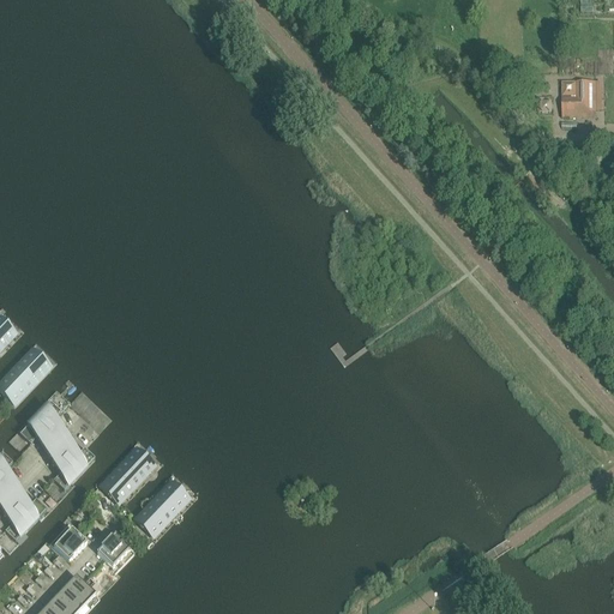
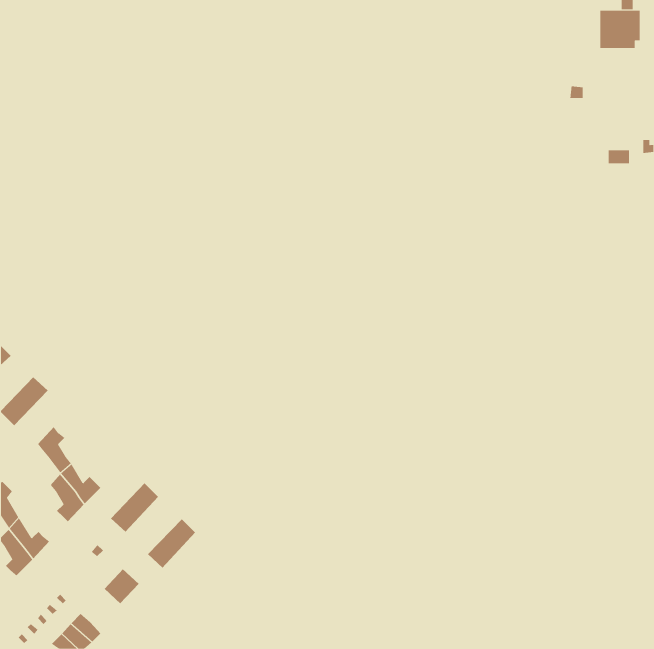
building: [562,79,601,115] -> [600,10,641,49]
building: [19,416,56,455] -> none
building: [53,526,86,560] -> none

